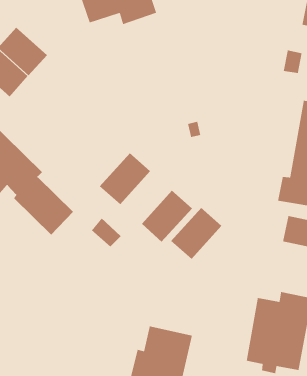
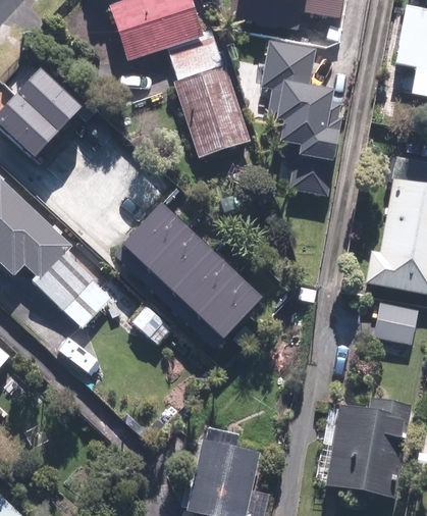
building: none -> [259,36,336,191]
building: none -> [172,48,251,158]
building: none -> [117,200,181,266]
building: [170,207,222,260] -> [169,247,234,313]

